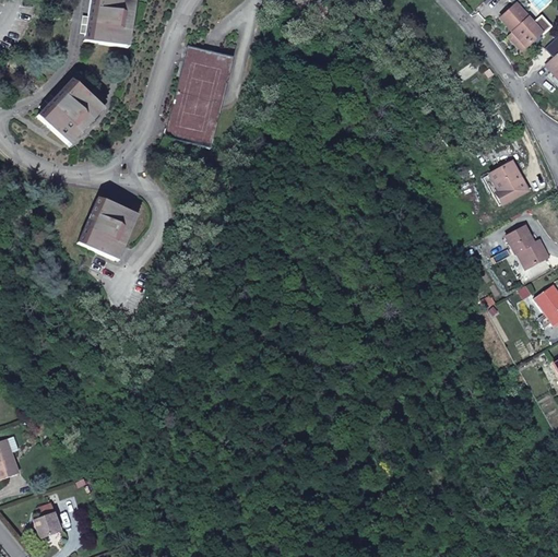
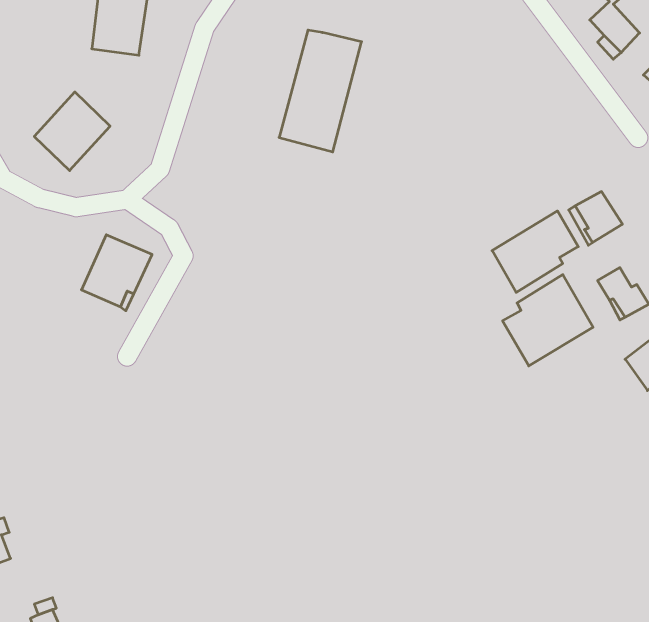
building: [166,47,235,149] -> [279,30,362,152]
building: none -> [492,211,578,292]
building: none -> [503,275,593,366]

